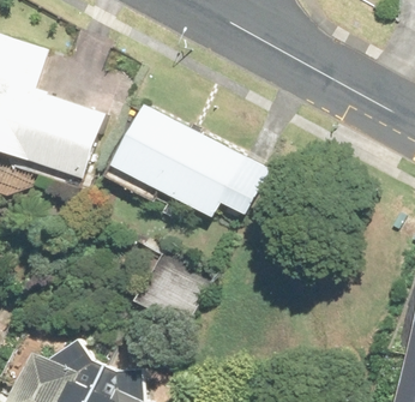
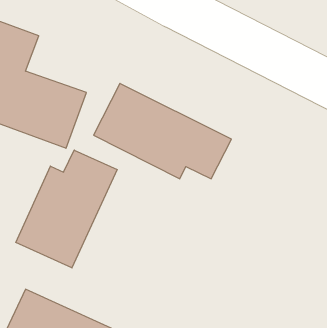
building: none -> [16,150,117,268]

